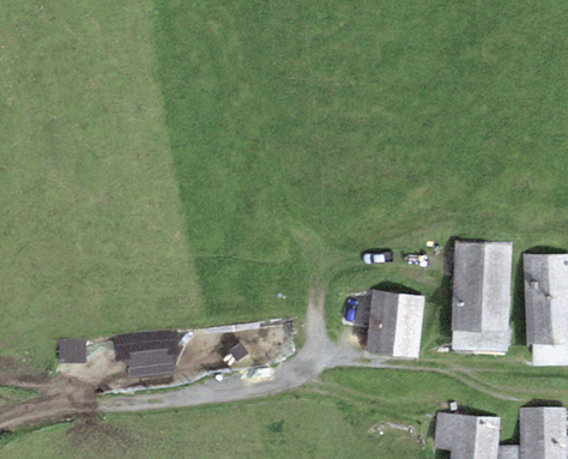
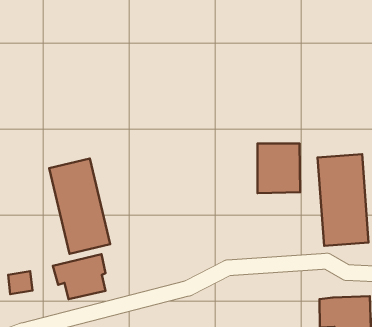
building: none -> [49,158,110,254]
building: [365,291,424,357] -> [257,143,300,193]

